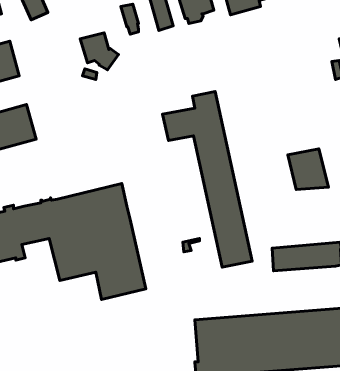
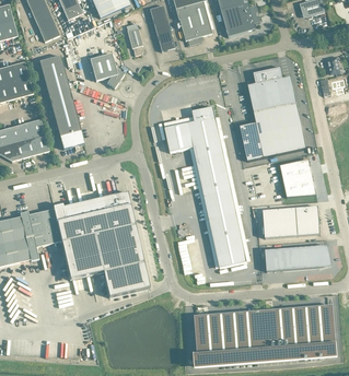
building: none -> [38,55,83,149]
building: none -> [239,68,305,160]
building: none -> [263,205,319,237]

